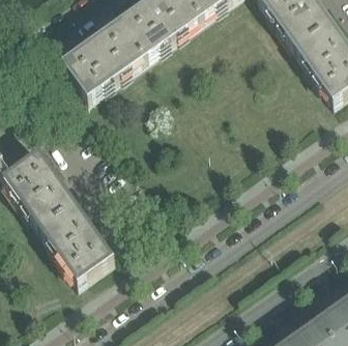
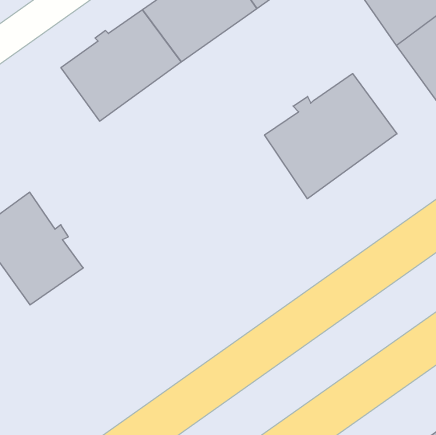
building: none -> [265,74,397,199]
building: [36,202,112,281] -> none

